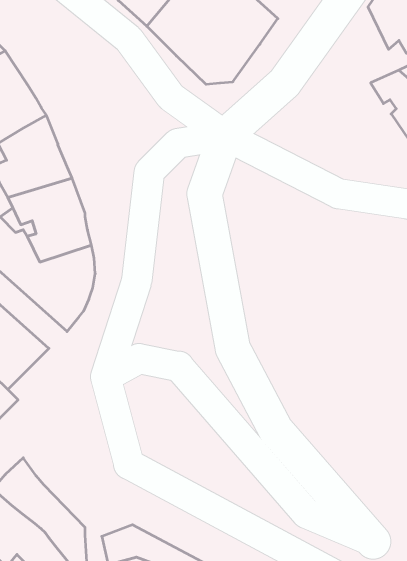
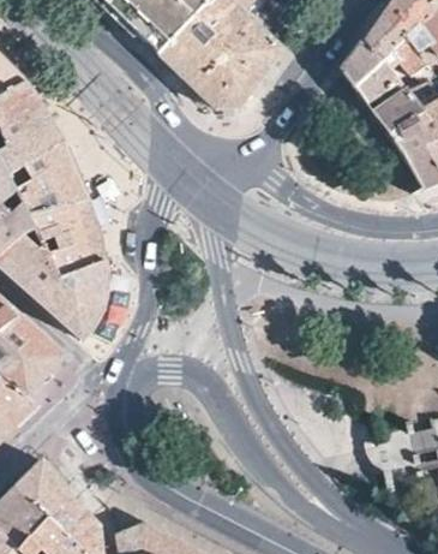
building: none -> [341,36,394,107]

